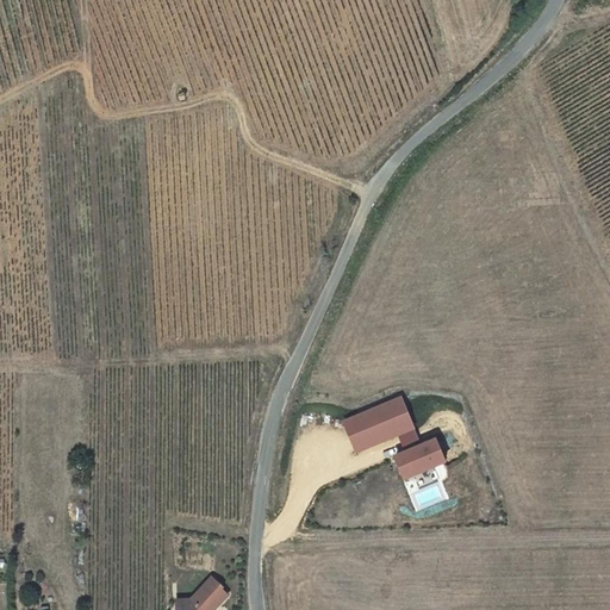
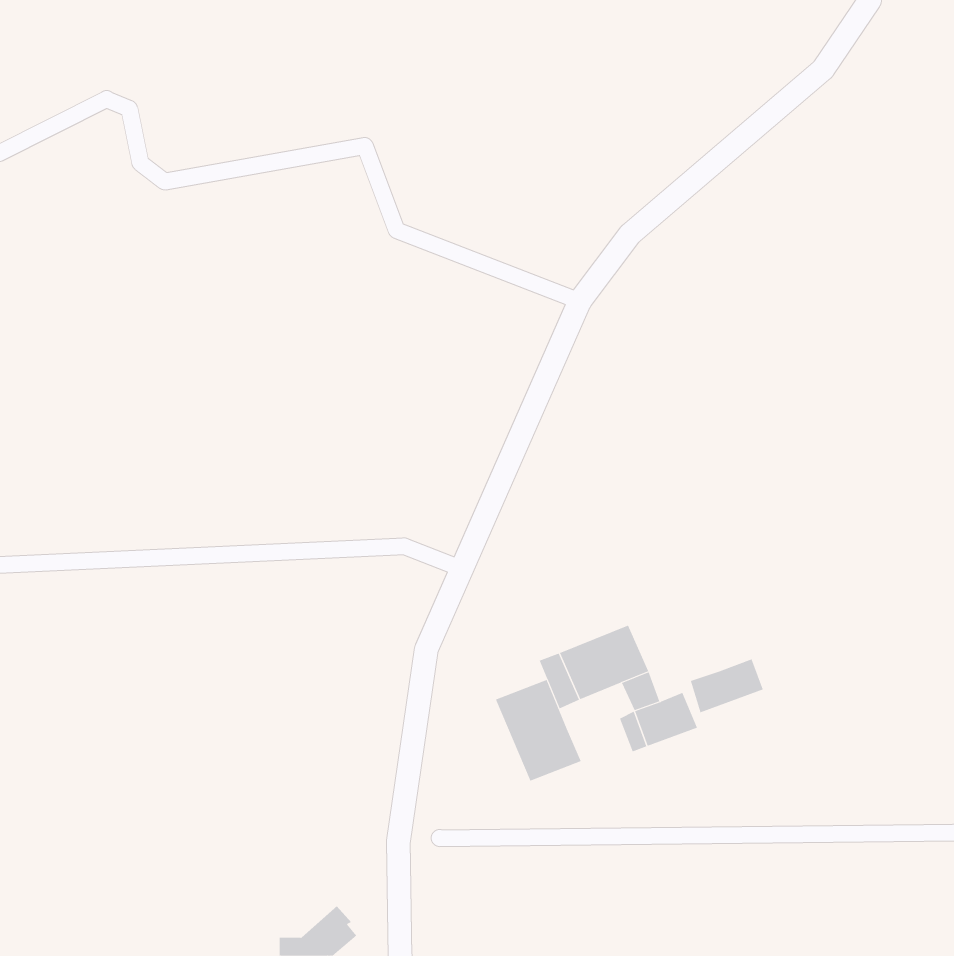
building: none -> [690,658,763,713]
building: none -> [495,679,582,781]

